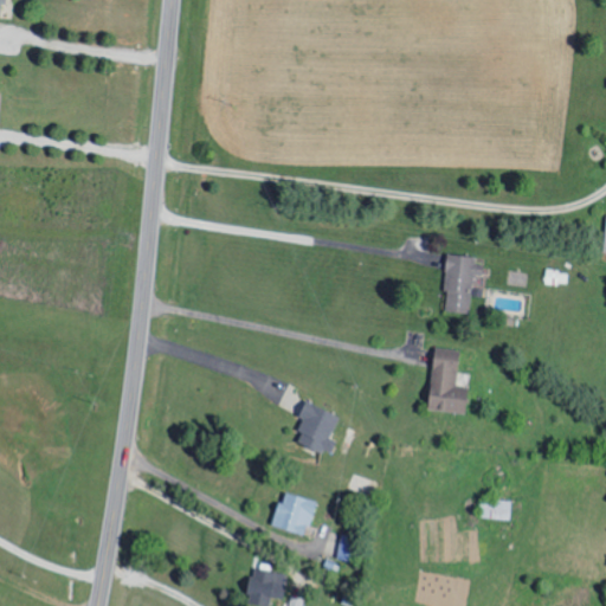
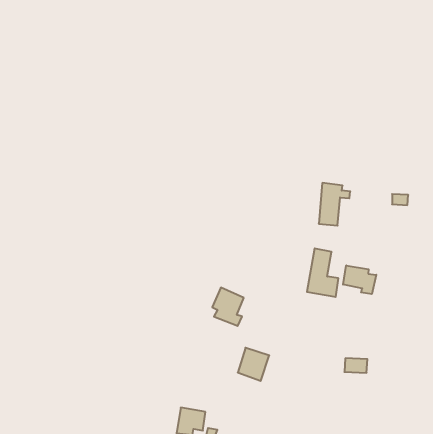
building: none -> [343,265,376,294]
building: [272,490,316,536] -> [238,348,269,381]

